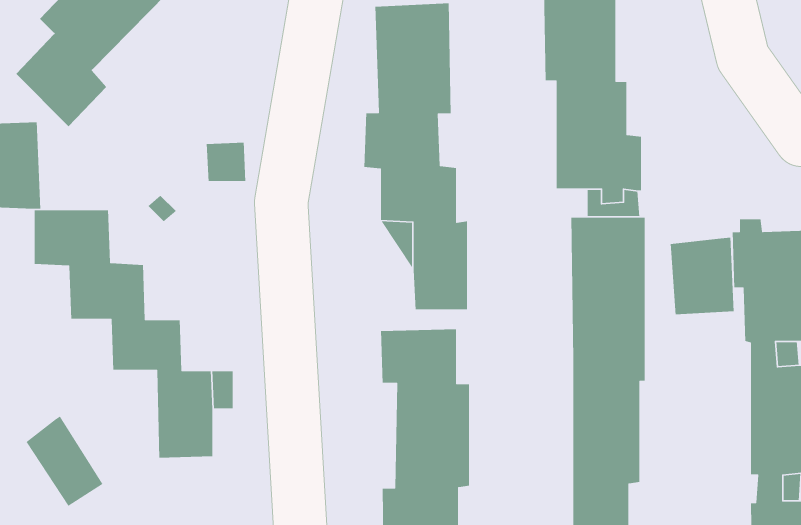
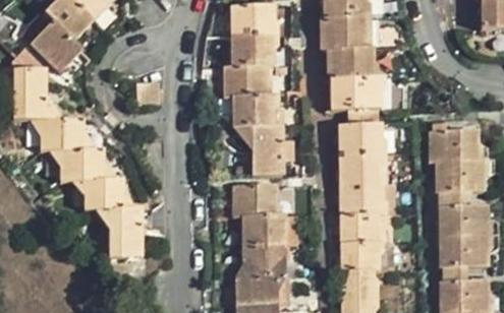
building: [670,237,735,315] -> none
building: [25,415,103,507] -> none

